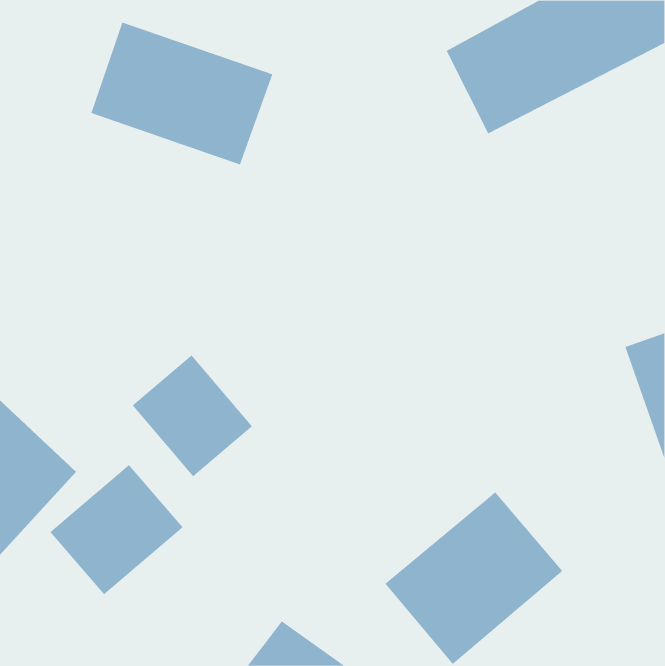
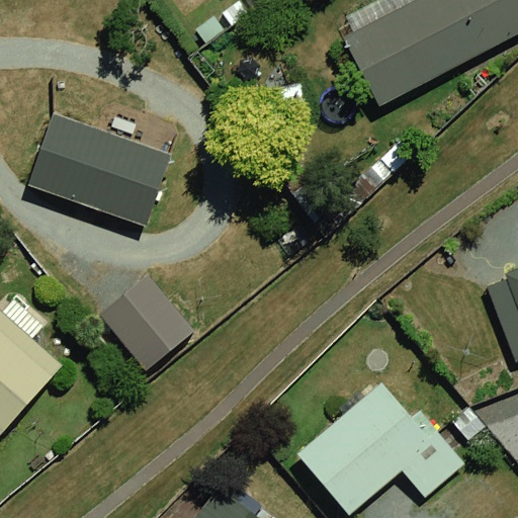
building: [91,22,273,165] -> [28,115,170,227]
building: [50,464,183,595] -> none

